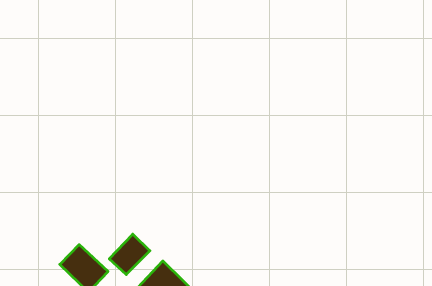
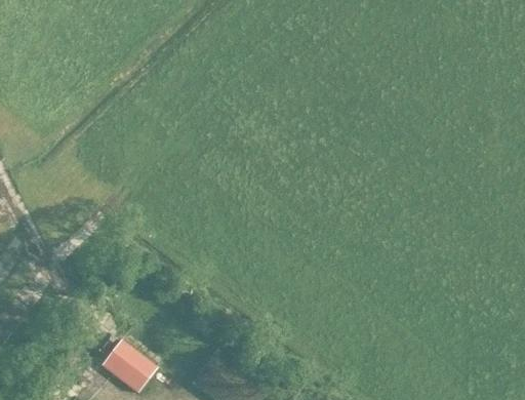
building: [109,234,150,275] -> none

